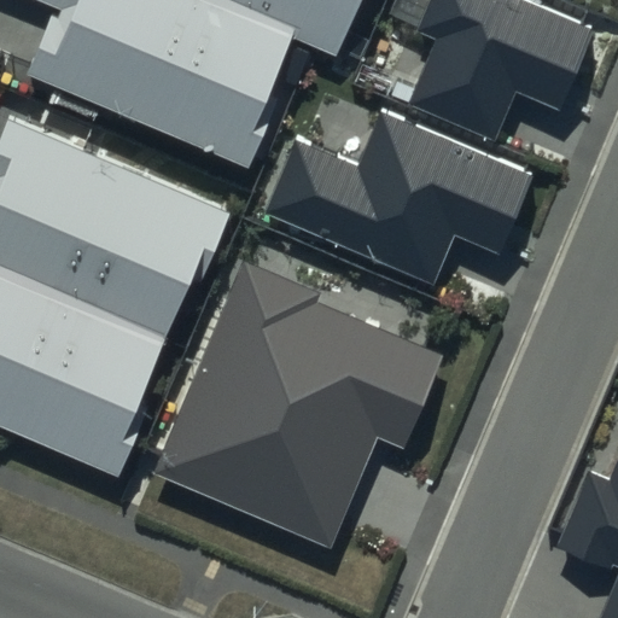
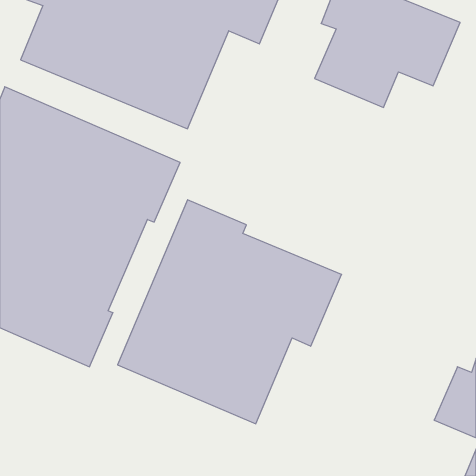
building: [262,112,531,282] -> none

